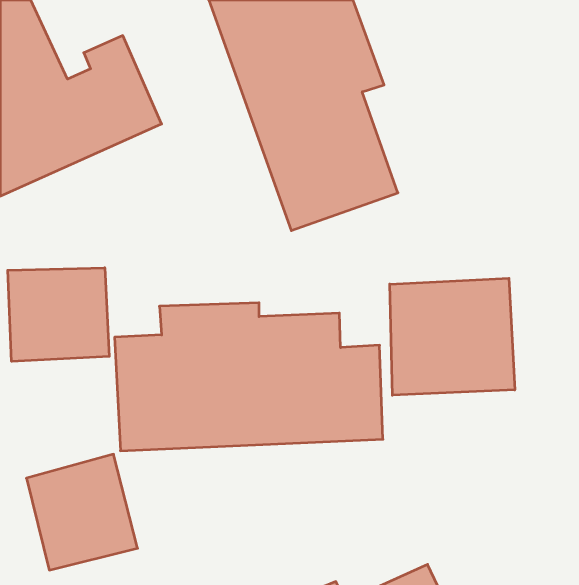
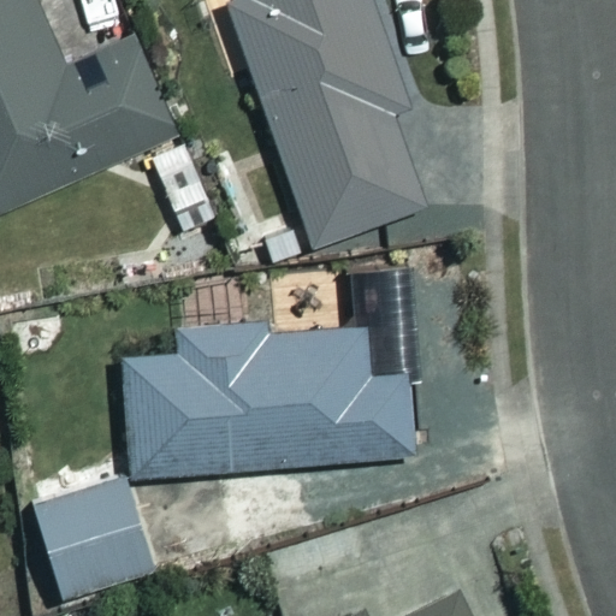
building: [8,268,109,361] -> none
building: [390,278,515,395] -> none

